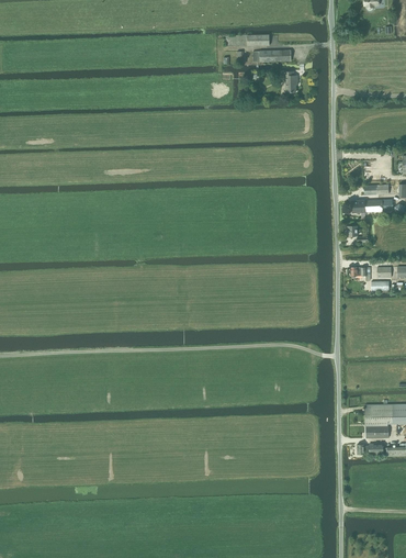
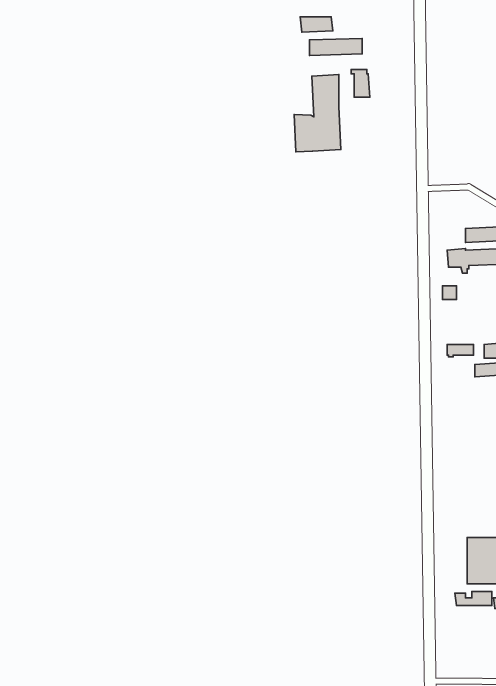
building: none -> [294,75,341,152]

